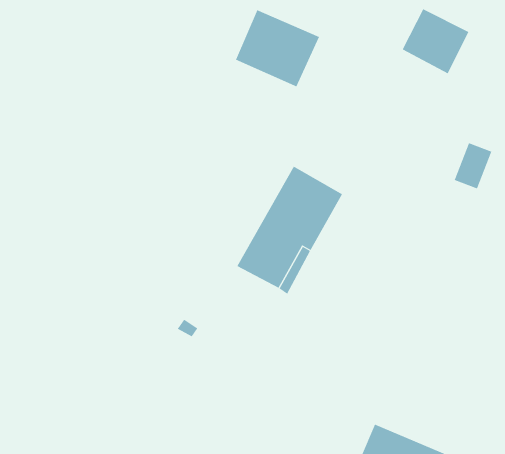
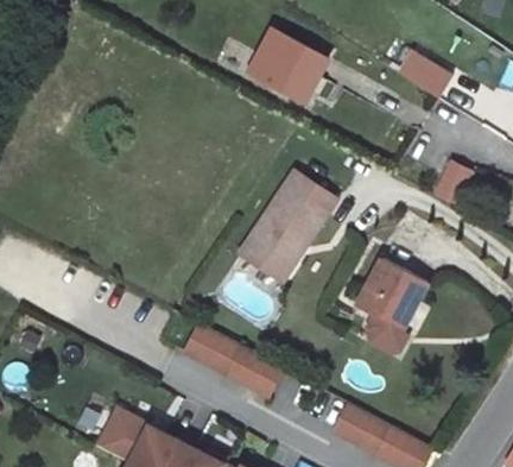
building: none -> [355,258,425,351]
building: none -> [183,324,281,396]

